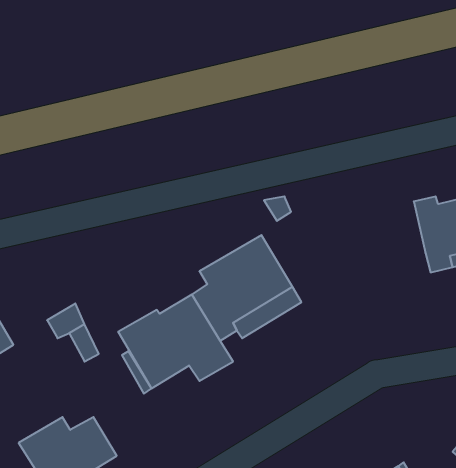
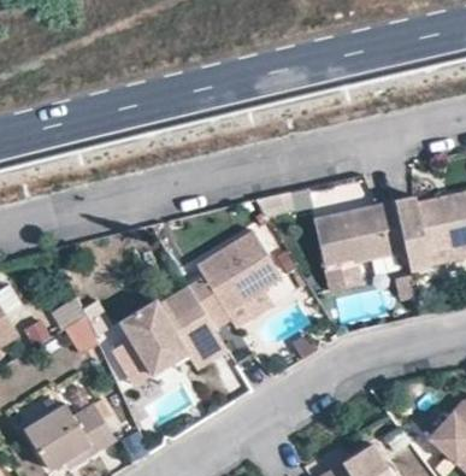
building: none -> [312,201,402,283]

